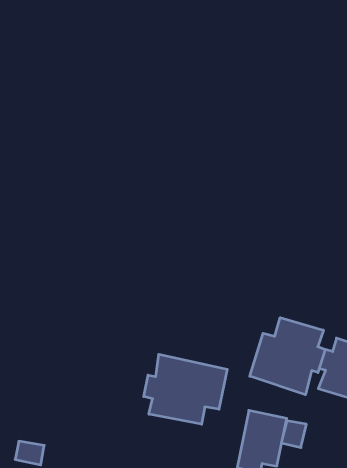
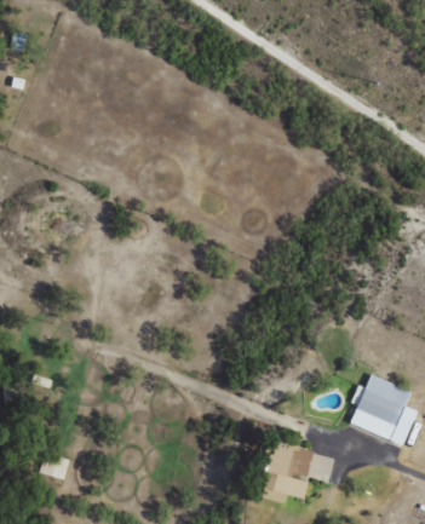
building: [250,318,325,395] -> none
building: [144,354,227,424] -> none

